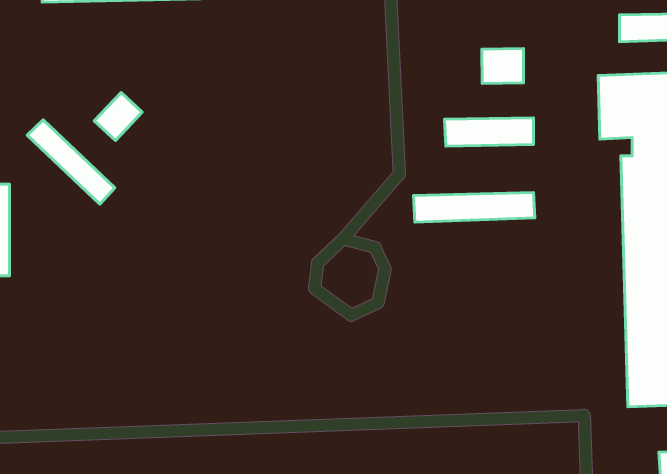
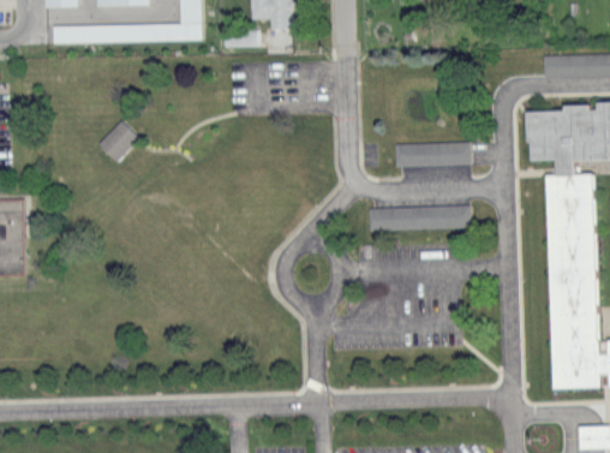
building: [482,48,524,84] -> none
building: [27,120,115,204] -> none

